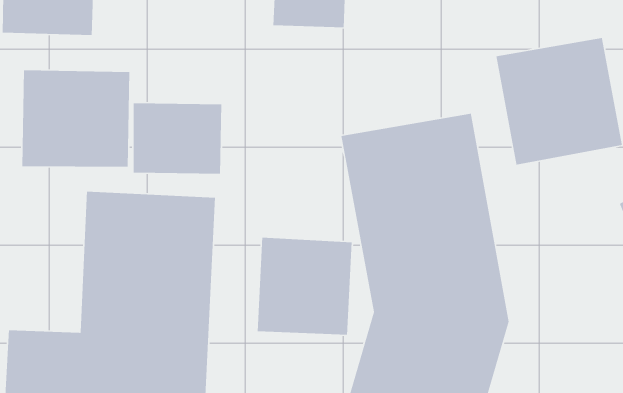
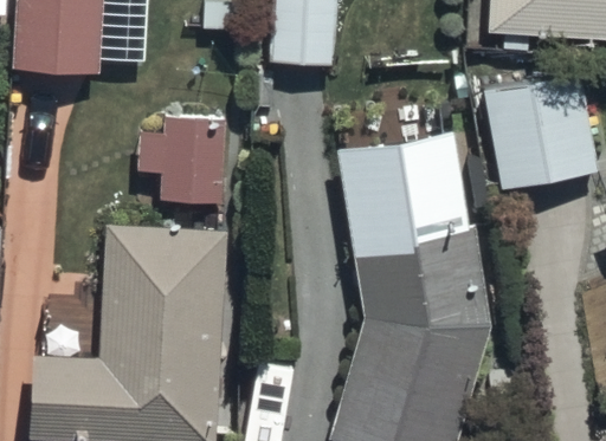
building: [22,69,130,168] -> none
building: [257,237,353,336] -> none

